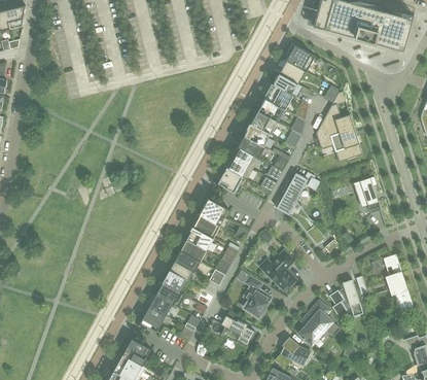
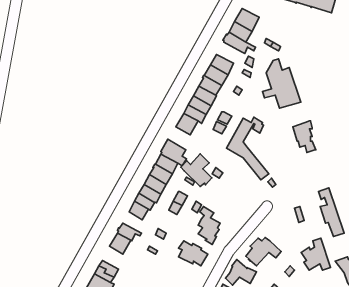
building: [263,83,293,110] -> none
building: [259,251,295,289] -> [181,154,212,187]
building: [328,279,362,316] -> [301,238,330,270]
building: [155,282,184,308] -> none

